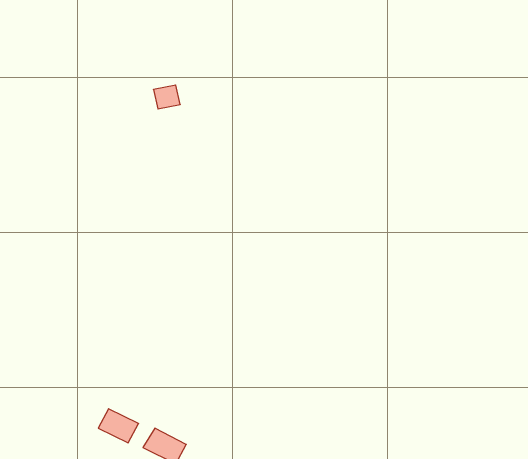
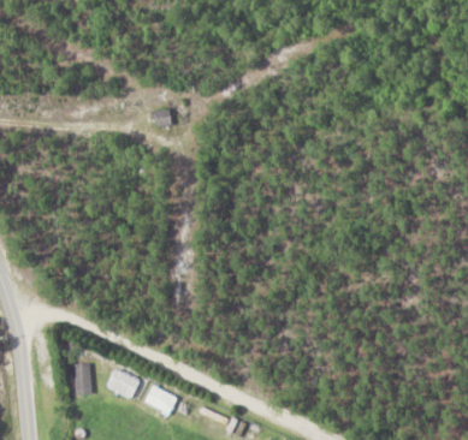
building: none -> [73,362,91,394]

